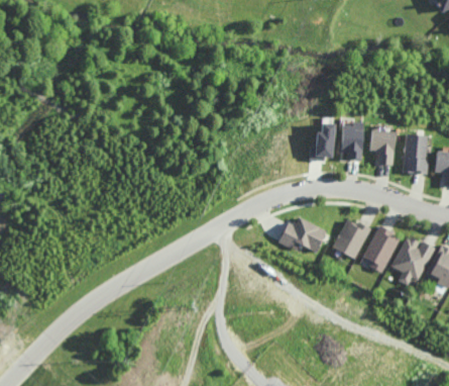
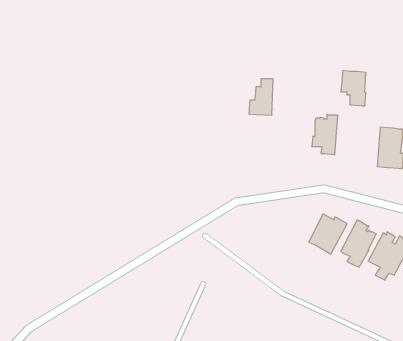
building: [309,124,333,161] -> [249,79,273,115]
building: [367,127,392,163] -> [341,71,366,106]
building: [276,216,327,253] -> none

